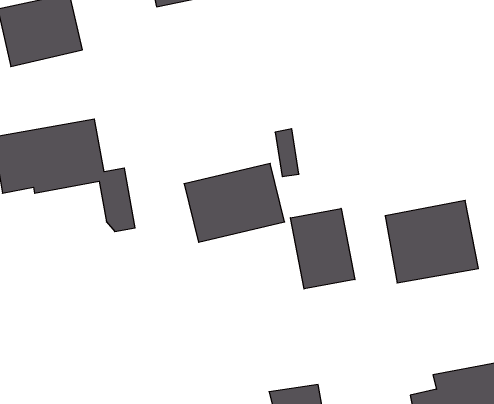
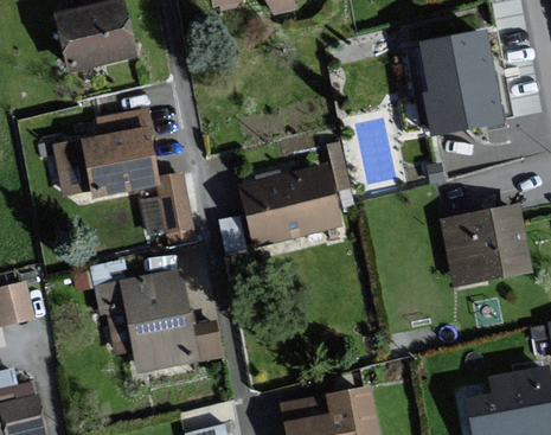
building: none -> [412,28,506,140]
building: [290,208,355,289] -> none
building: none -> [95,269,219,370]

